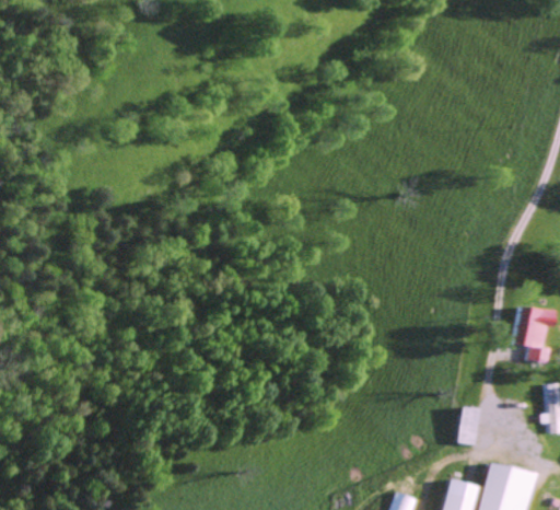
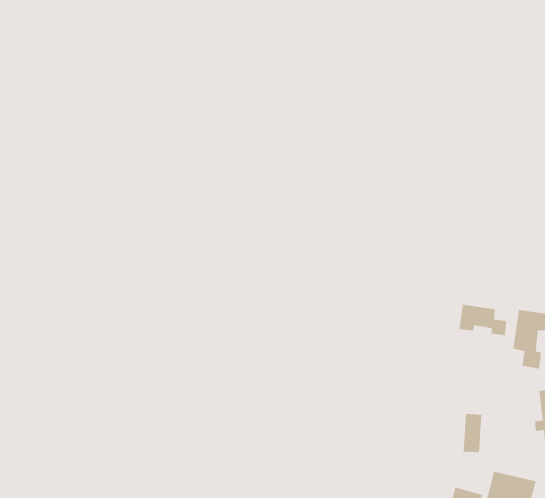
building: none -> [459,304,507,336]

